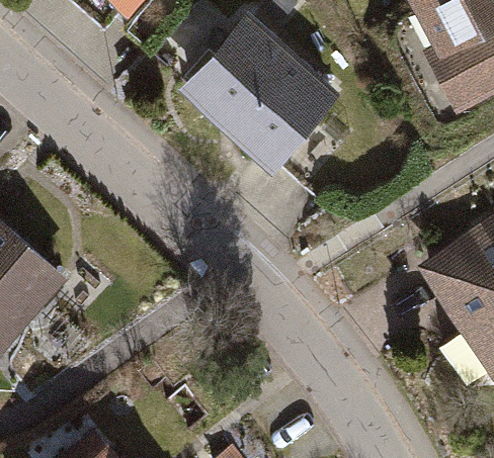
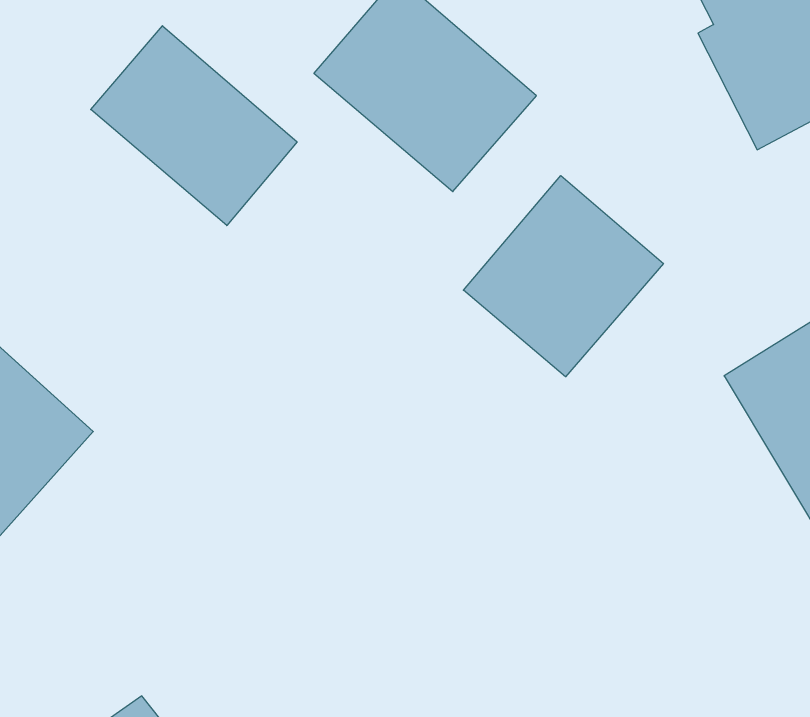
building: none -> [91,26,297,226]
building: none -> [463,176,663,377]

